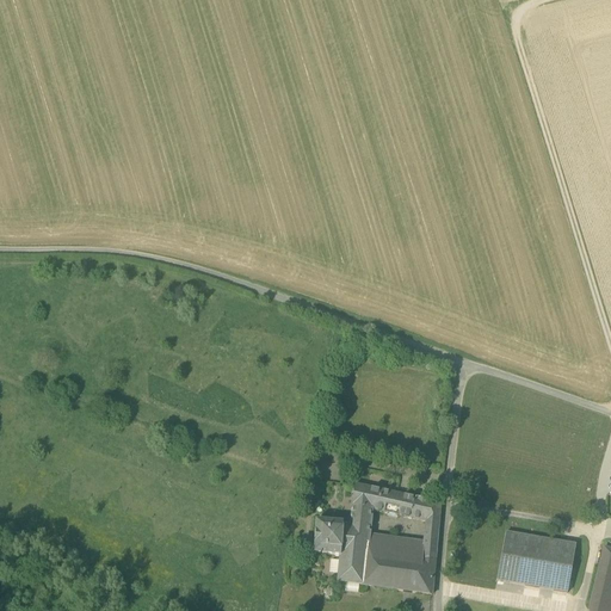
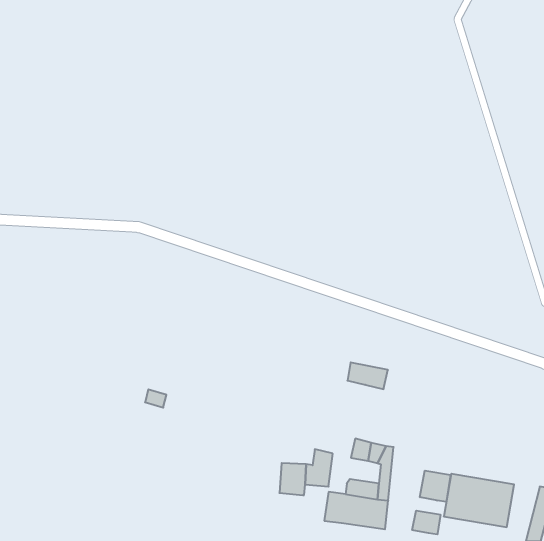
building: [353,482,399,512] -> [347,362,388,389]
building: none -> [420,471,450,502]
building: [339,542,369,582] -> none
building: none -> [412,511,440,534]

